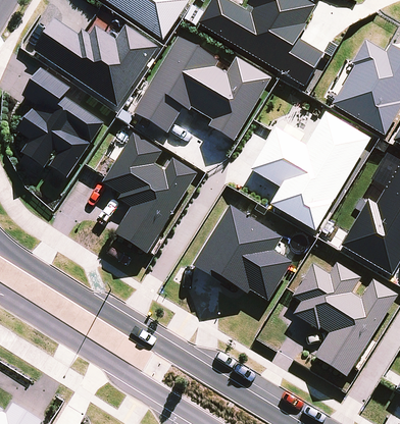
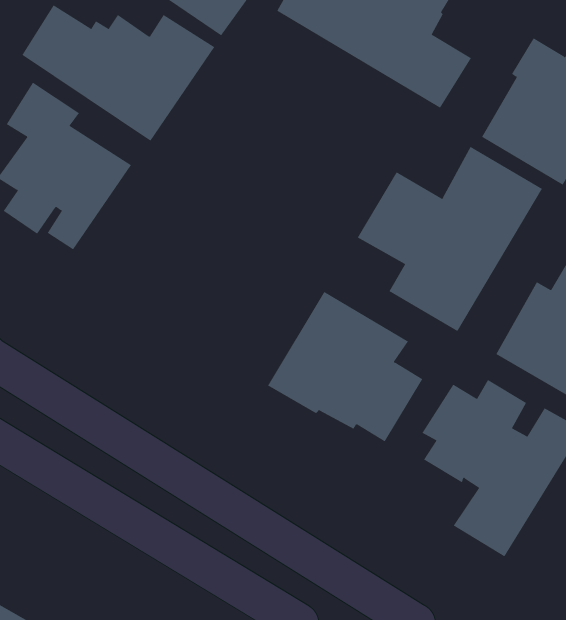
building: [132,37,271,140] -> none
building: [101,131,197,253] -> none

